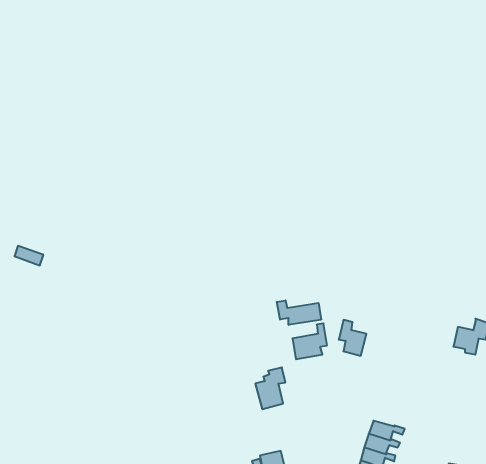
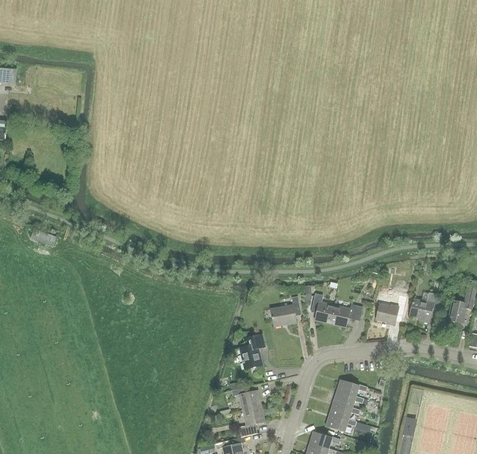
building: [277,300,321,325] -> none
building: none -> [376,301,406,326]
building: none -> [330,304,357,327]
building: none -> [232,387,261,410]

